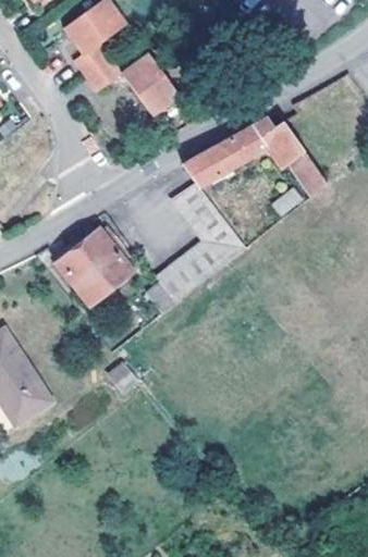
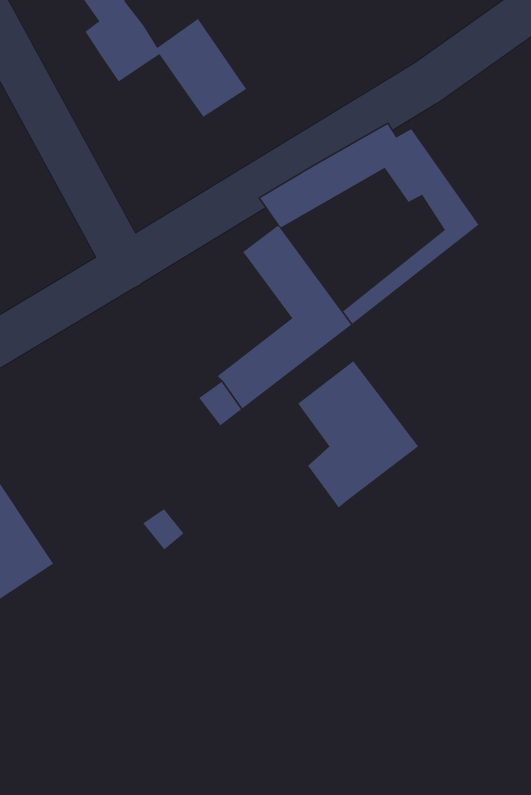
building: [56,228,131,301] -> none
building: none -> [297,360,419,509]

